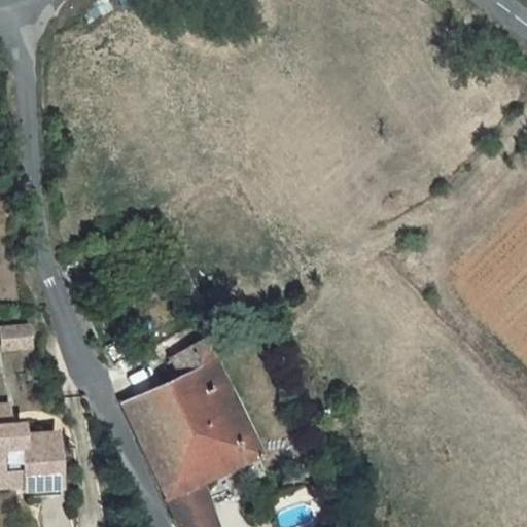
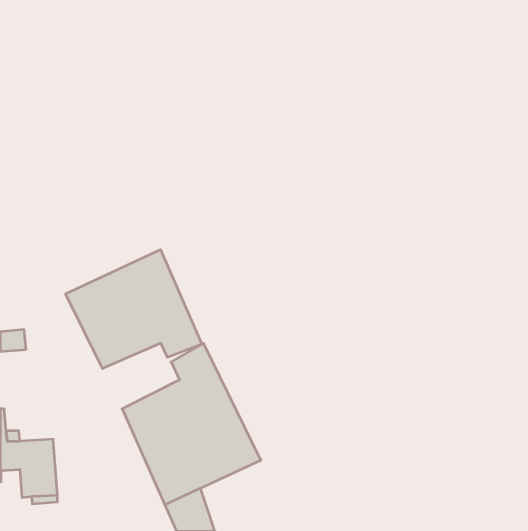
building: none -> [66,250,202,369]

